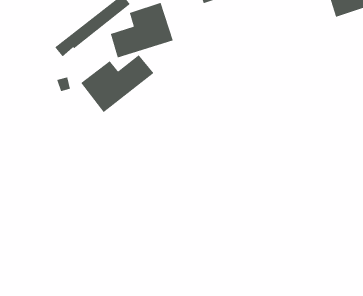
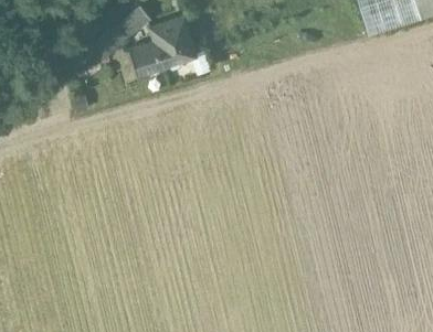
building: [80,54,155,113] -> none

